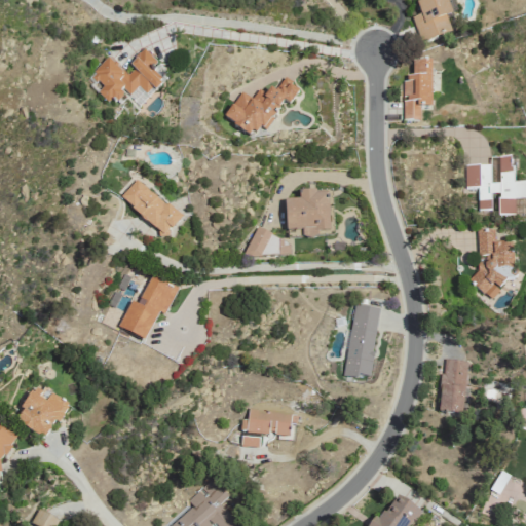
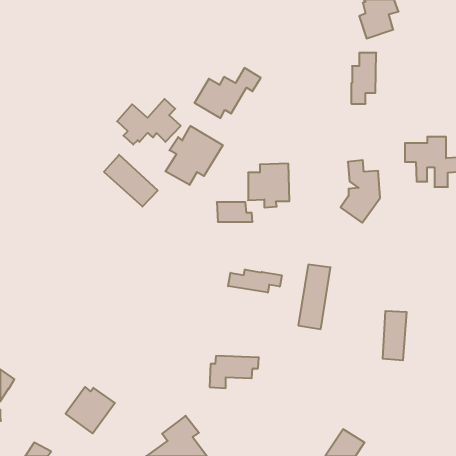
building: [91,49,164,102] -> [117,99,181,145]
building: none -> [165,126,223,185]
building: [469,227,515,299] -> [341,160,380,223]
building: [119,274,179,339] -> none
building: none -> [228,269,282,293]
building: [14,386,71,440] -> [66,387,115,433]

